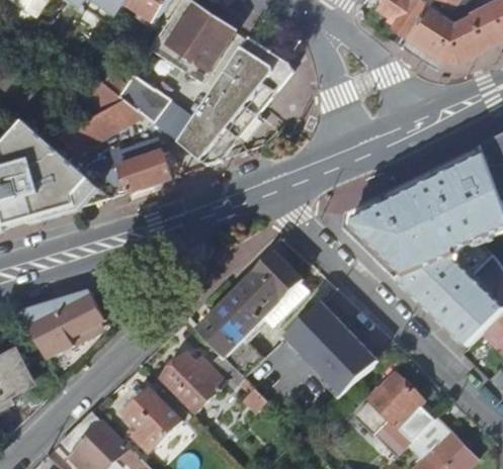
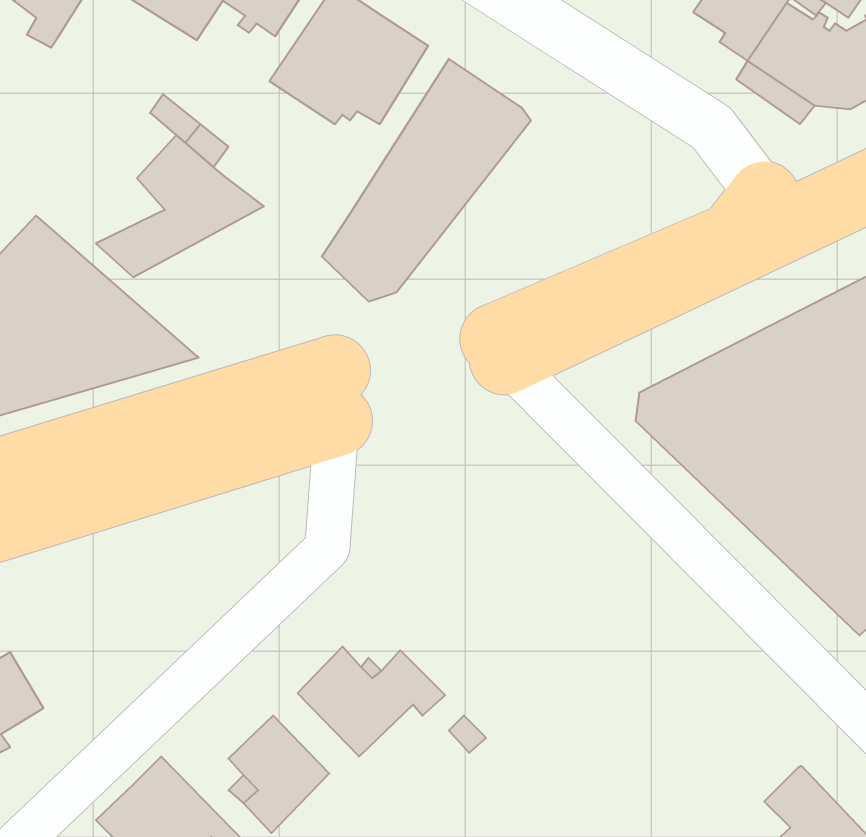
building: [123,82,191,140] -> none
building: [88,139,167,191] -> none
building: [195,254,308,378] -> none
building: [19,283,122,359] -> none
building: [284,302,378,392] -> none
building: [349,372,434,443] -> none

